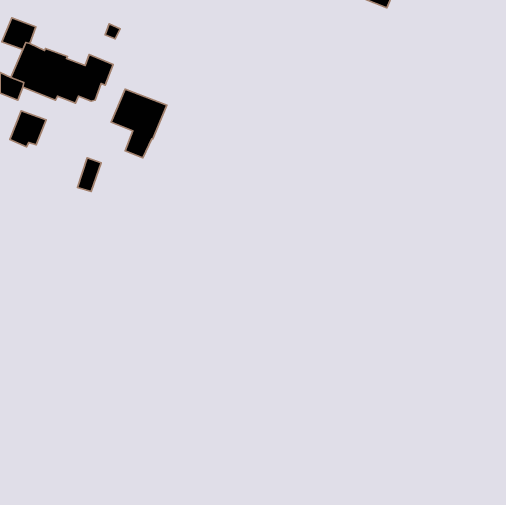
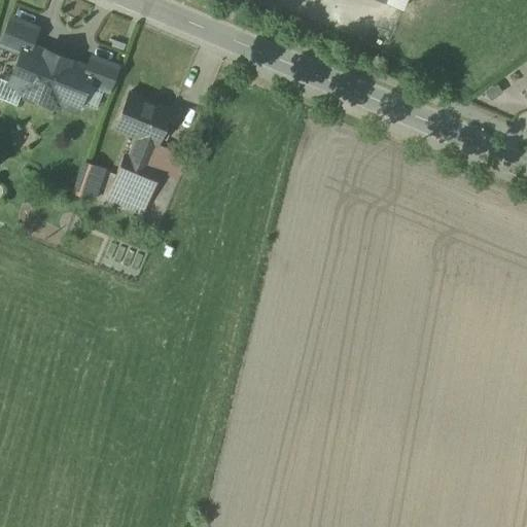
building: [10,111,46,147] -> none
building: none -> [109,153,163,208]

